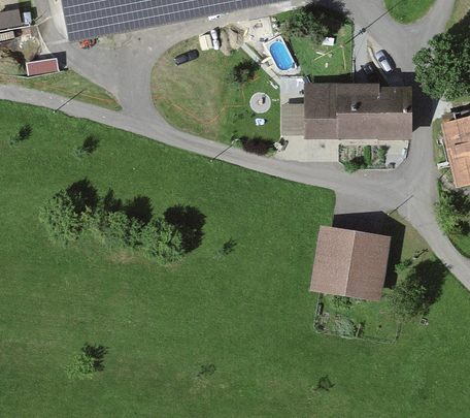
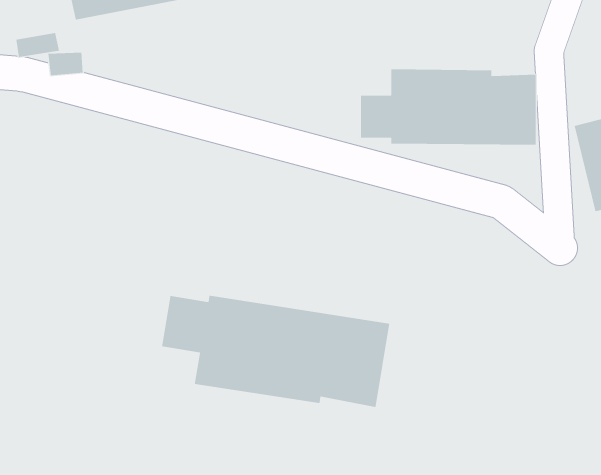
building: [309,224,392,300] -> none
building: none -> [162,295,390,408]

